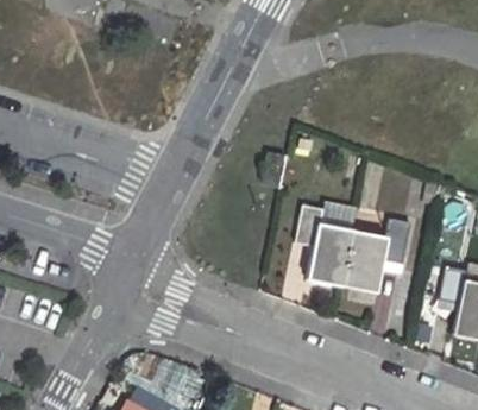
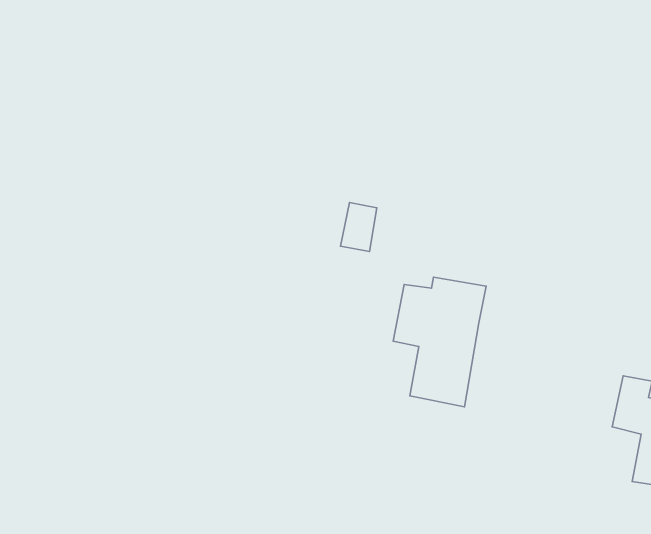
building: [346,217,413,292] -> none

